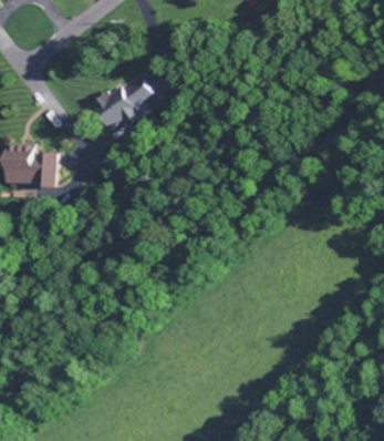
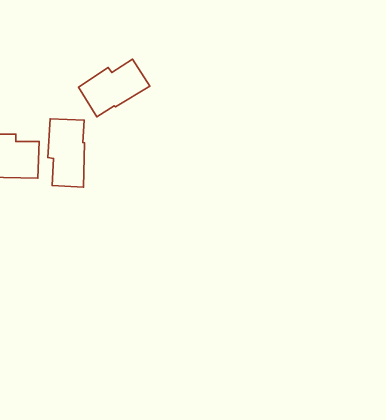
building: none -> [48,119,85,187]

